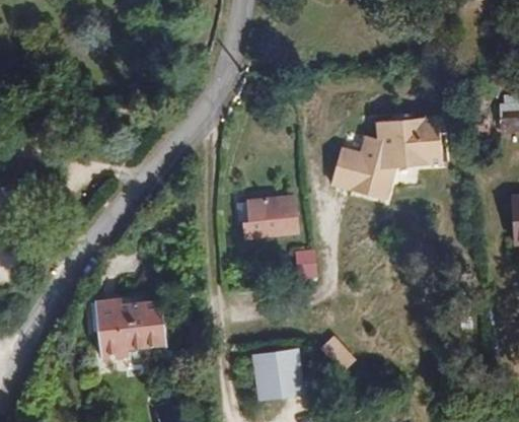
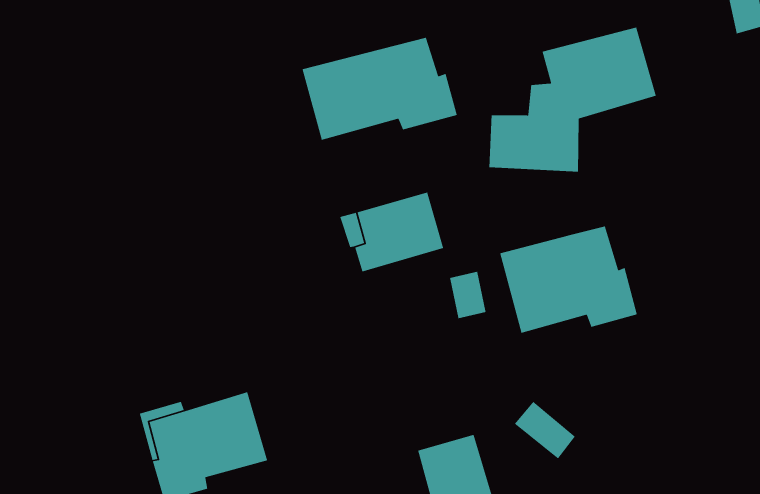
building: none -> [301,37,458,141]
building: none -> [499,226,638,334]

